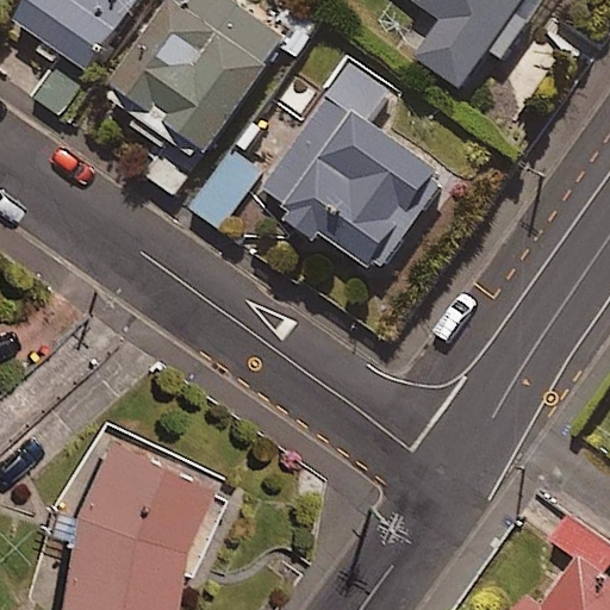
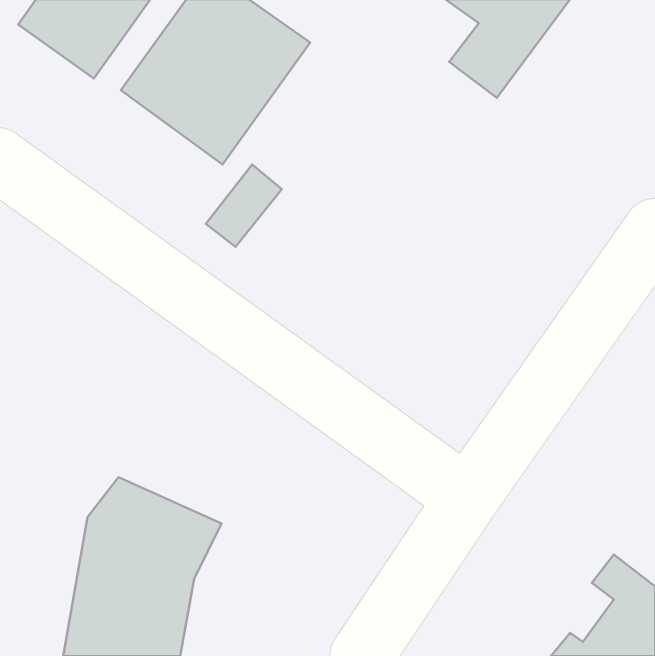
building: [262,66,438,272] -> none

